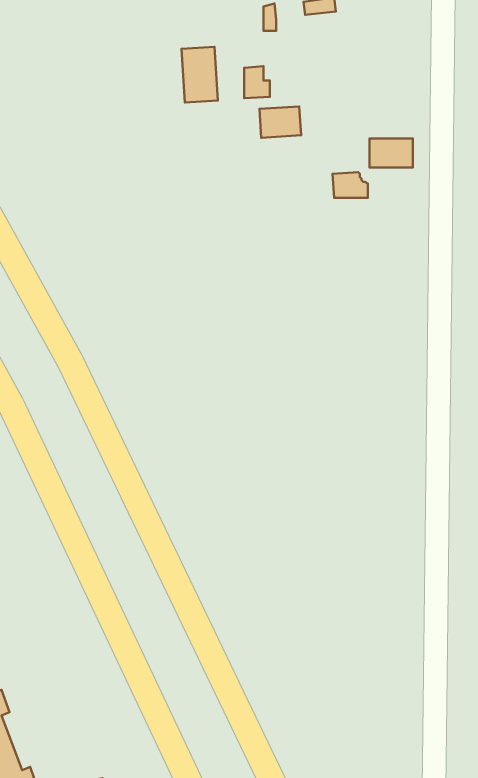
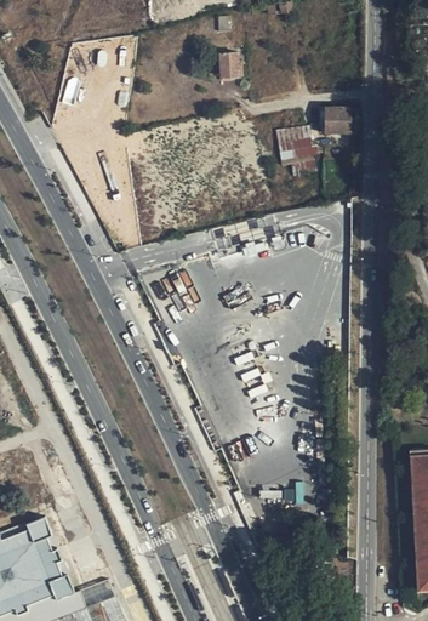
building: [181,47,218,102] -> none
building: [259,106,301,138] -> none

